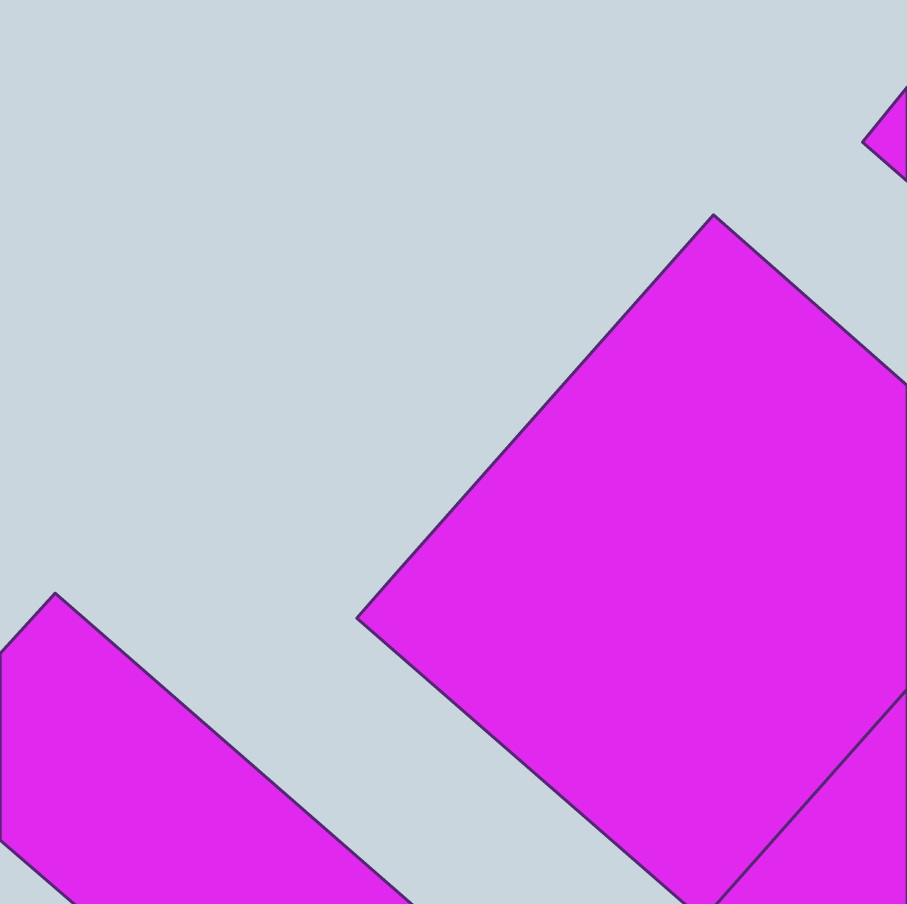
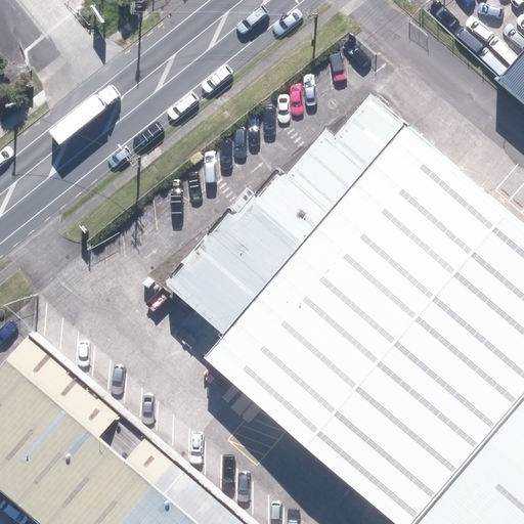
building: none -> [174,90,411,334]

